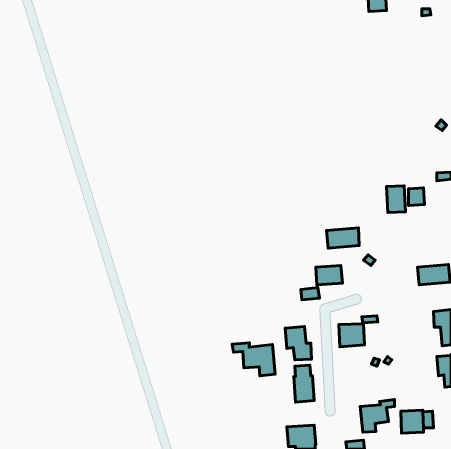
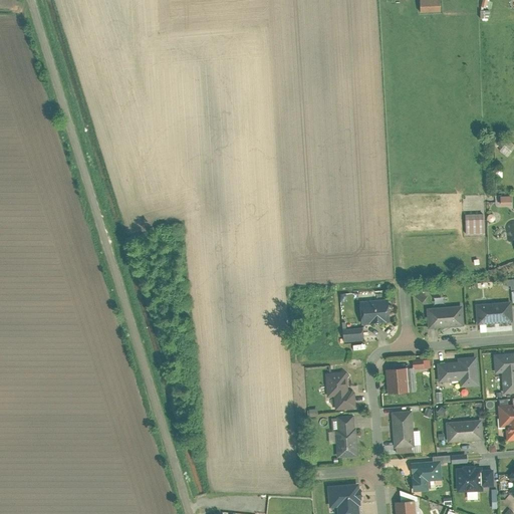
building: [387,186,405,213] -> none
building: [327,228,359,248] -> [426,305,463,328]
building: none -> [437,356,478,388]
building: [232,343,275,376] -> none
building: none -> [391,411,414,448]
building: none -> [445,420,483,443]

